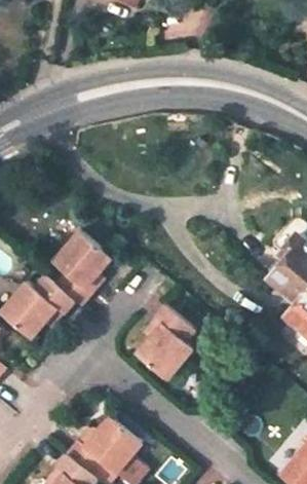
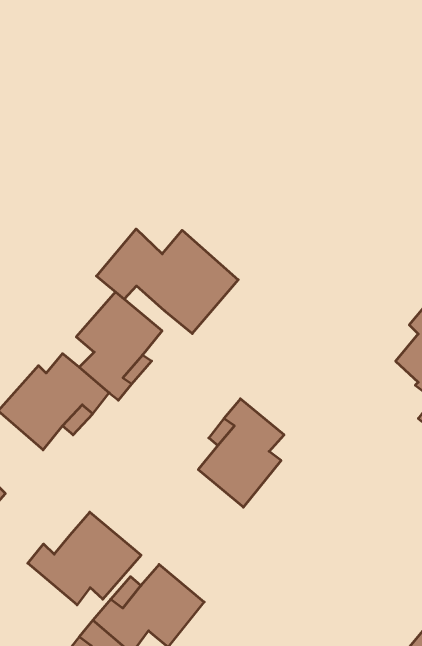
building: none -> [96,229,238,334]
building: none -> [28,512,141,605]

